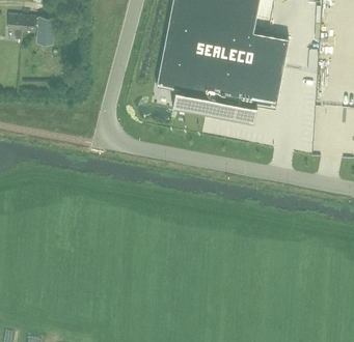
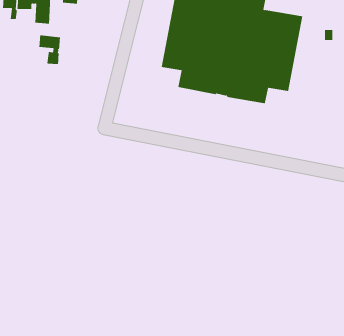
building: none -> [39,34,61,65]

